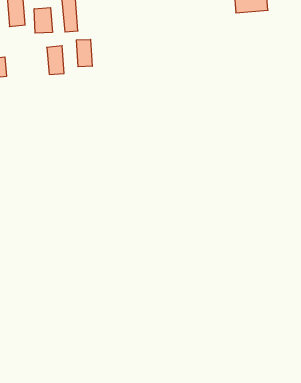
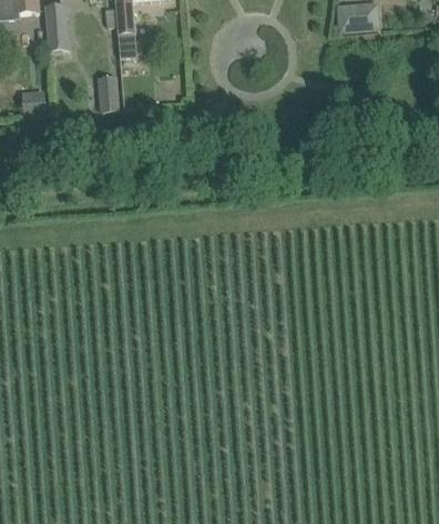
building: [34,8,52,33] -> none
building: [76,39,92,67] -> none

